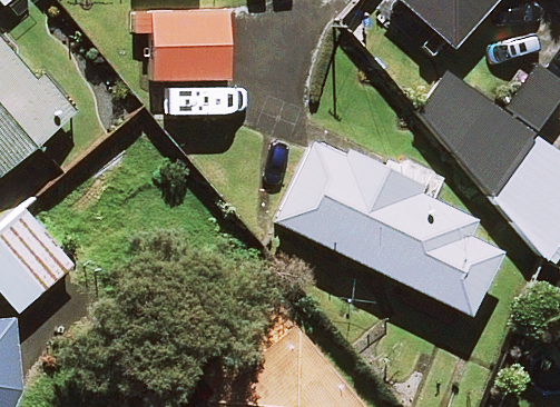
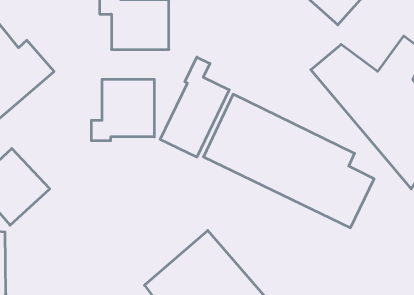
building: none -> [160,57,229,157]
building: none -> [91,79,154,141]

